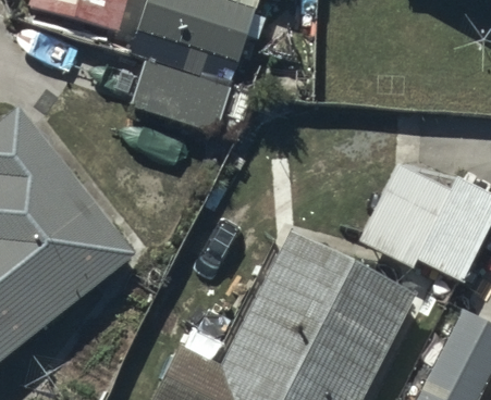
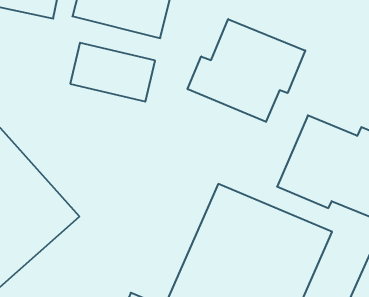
building: none -> [188,19,305,122]

